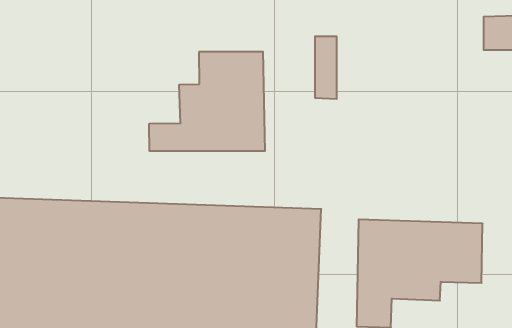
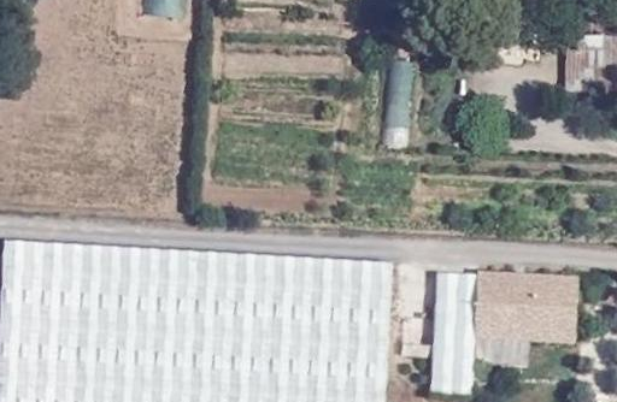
building: [149,52,265,151] -> none

